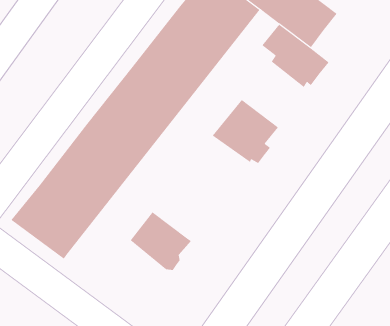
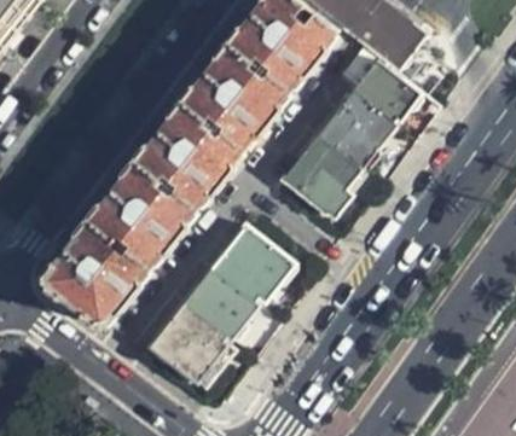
building: none -> [315,91,395,169]
building: none -> [209,225,291,301]
building: none -> [145,303,232,384]

